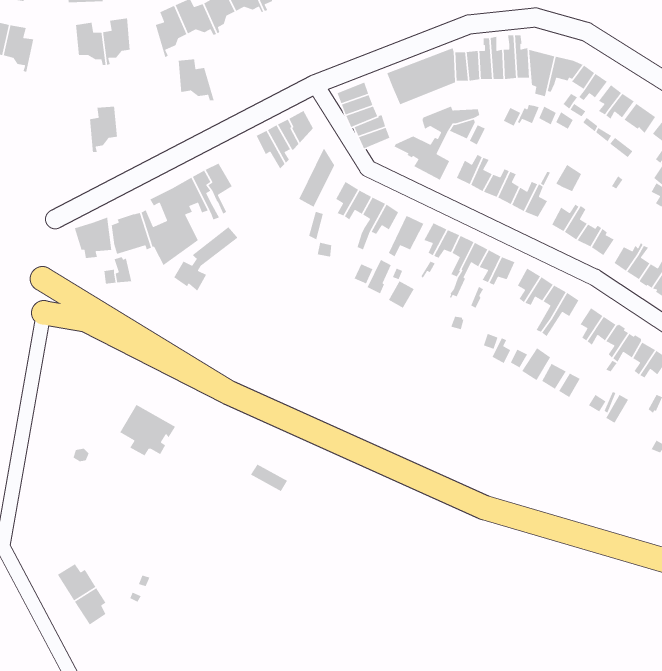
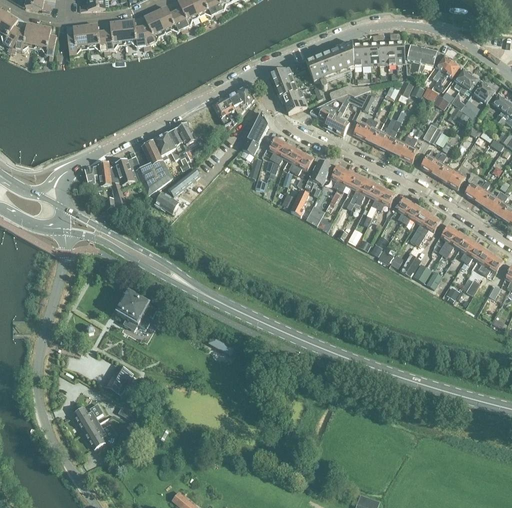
building: [178,59,215,101] -> [122,19,148,49]
building: [89,106,118,153] -> [67,25,87,58]
building: none -> [107,365,132,393]

